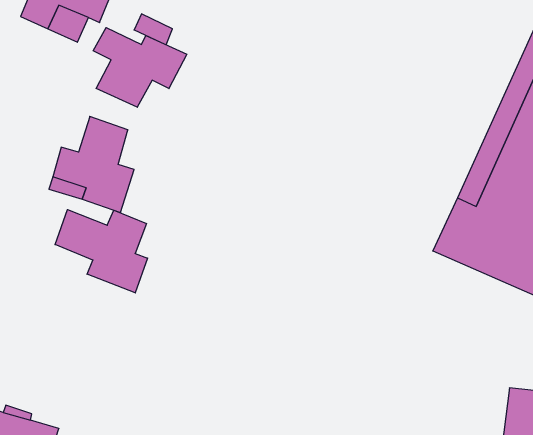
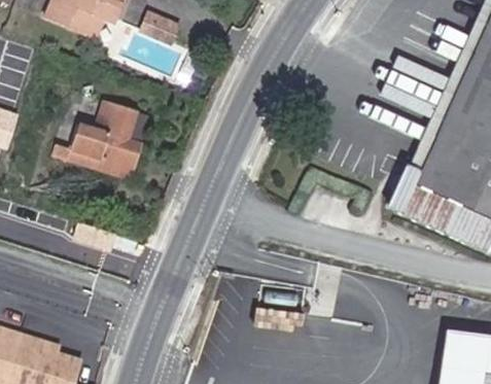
building: [93,28,187,107] -> none
building: [55,210,148,293] -> none

